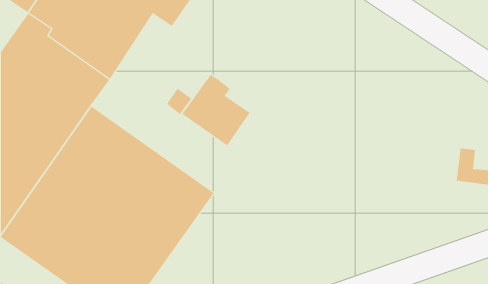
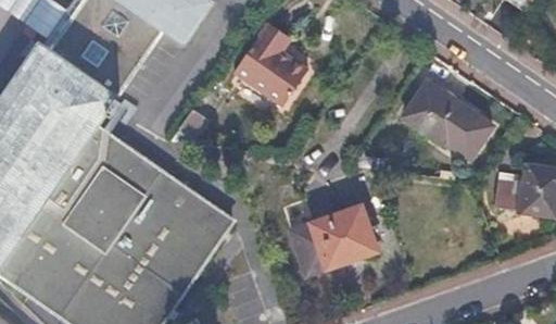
building: none -> [404,83,492,161]
building: [181,74,251,146] -> [232,28,307,107]
building: none -> [291,207,378,276]

